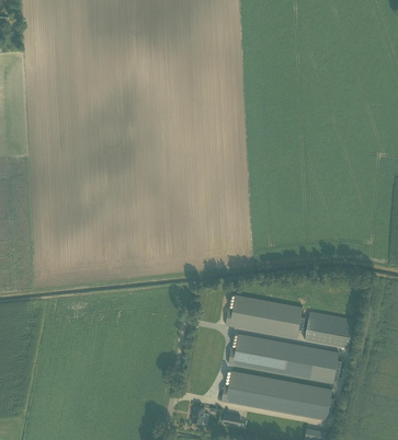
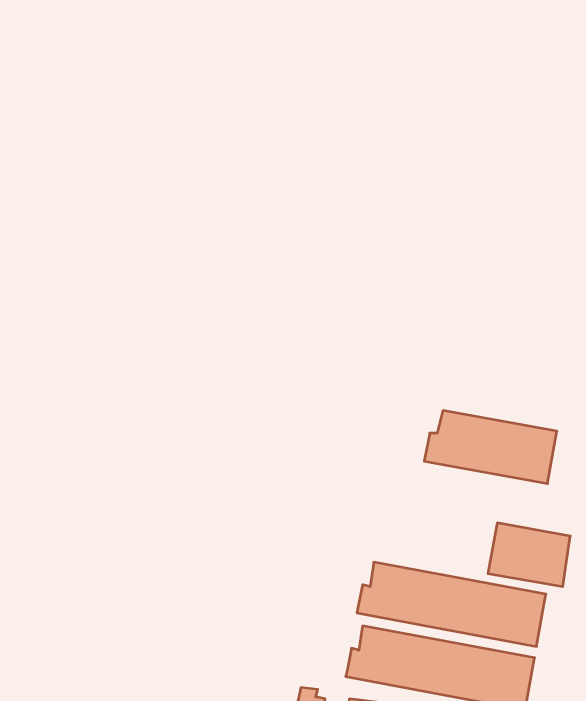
building: [225,296,303,338] -> [424,411,557,484]

